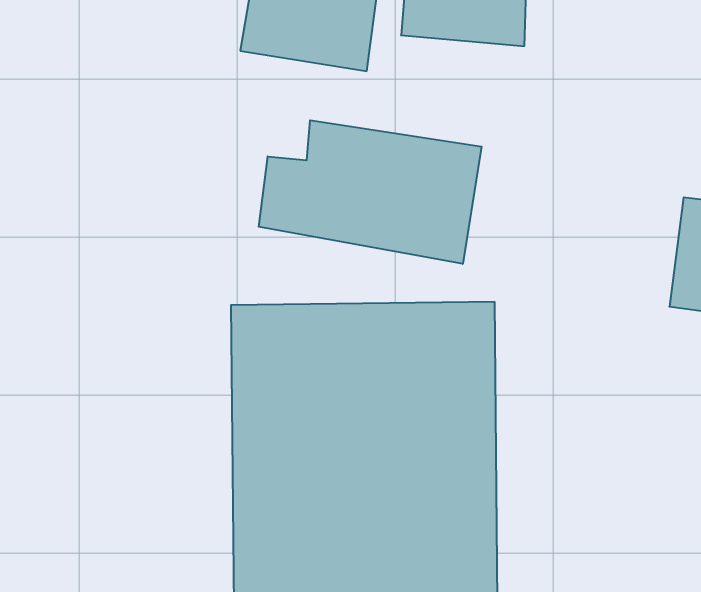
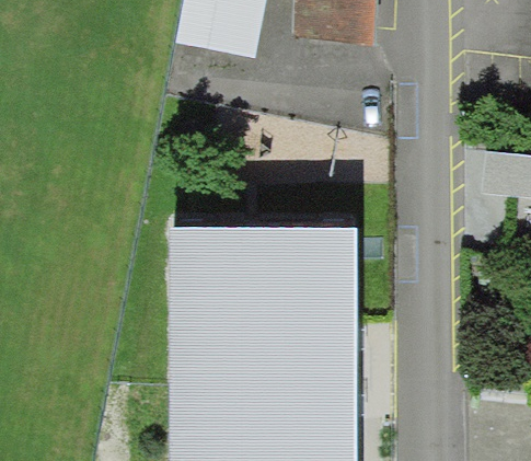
building: [259,120,482,264] -> none

